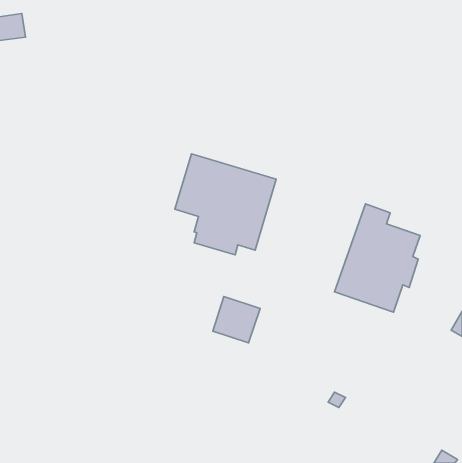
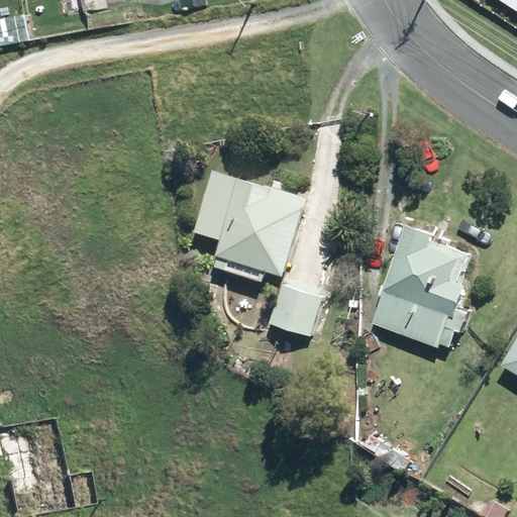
building: [213,297,260,343] -> [271,285,323,336]

